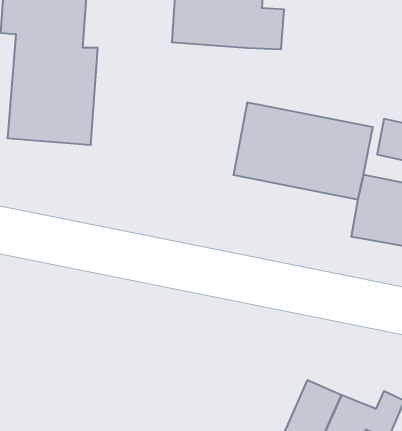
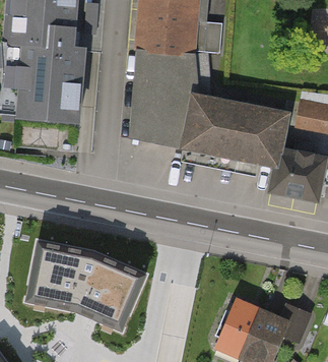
building: none -> [129,47,193,145]
building: none -> [28,241,145,322]

